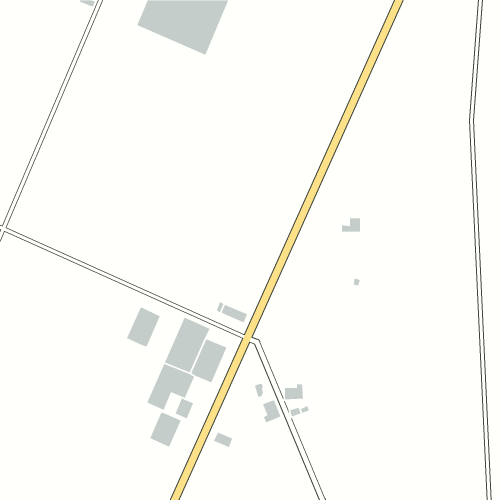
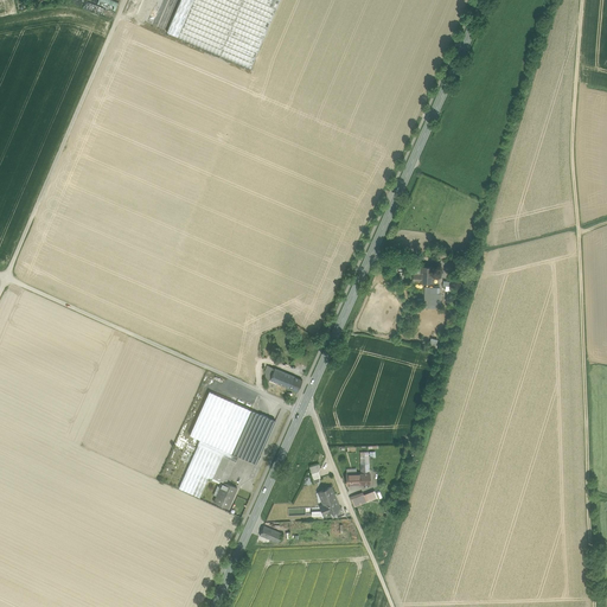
building: [126,306,161,347] -> none
building: [149,411,182,448] -> none

